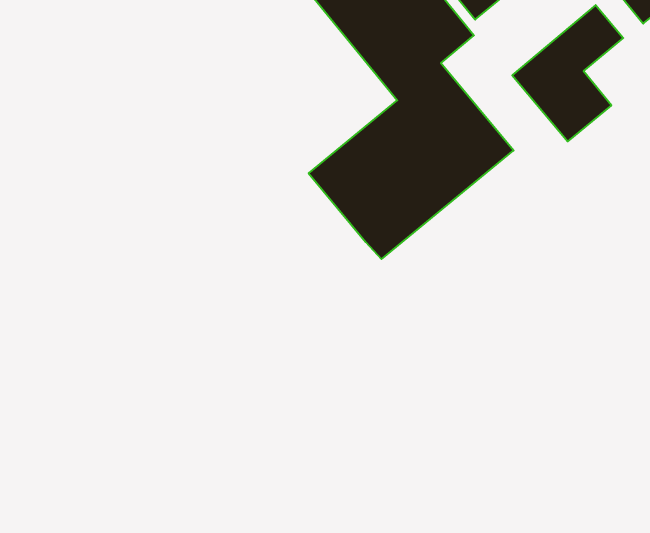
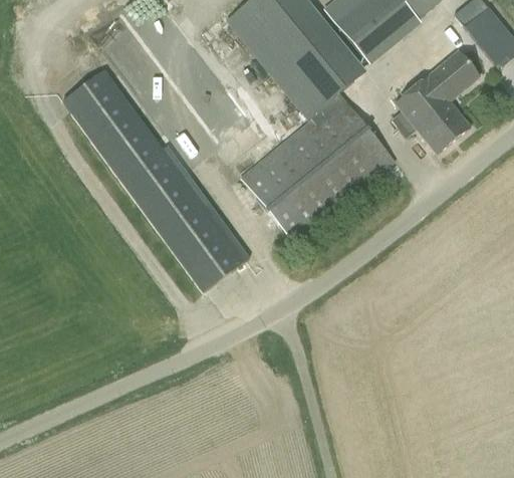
building: none -> [61,65,244,290]

